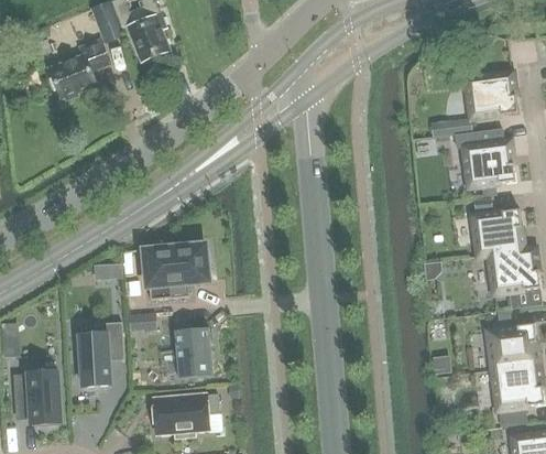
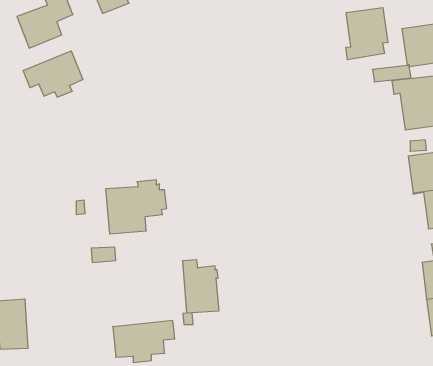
building: none -> [346,8,388,60]
building: none -> [23,51,83,97]
building: [172,321,211,378] -> [182,260,219,313]
building: [77,322,122,387] -> none

